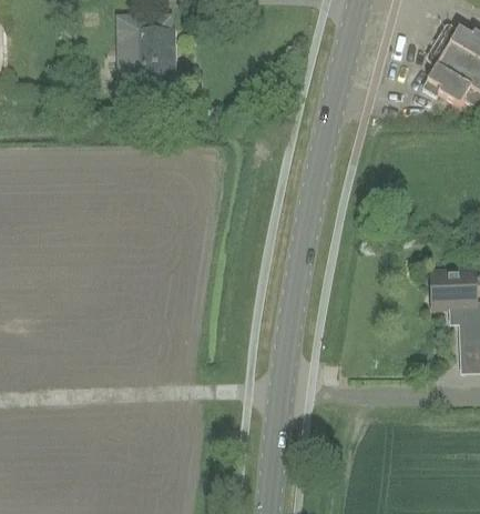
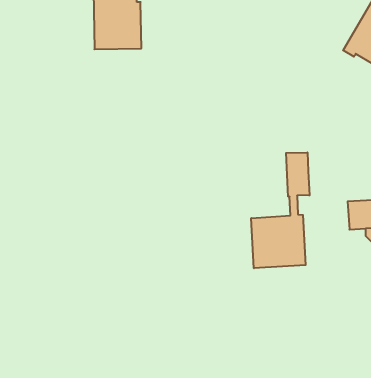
building: none -> [251,152,310,268]

